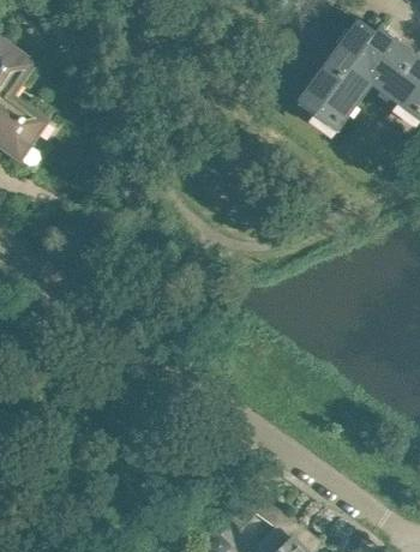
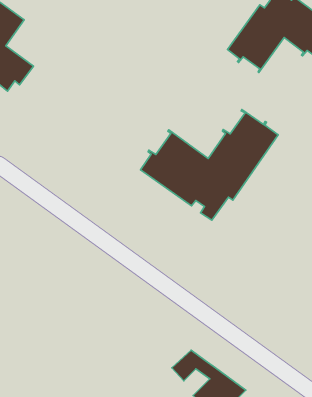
building: none -> [141,110,278,220]

